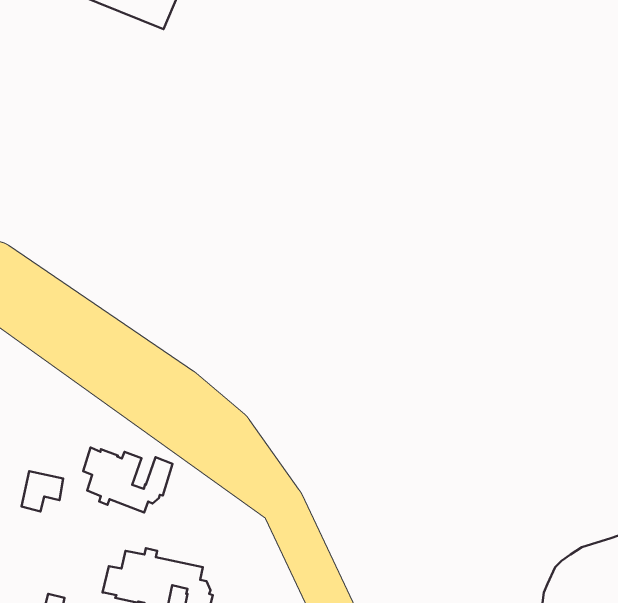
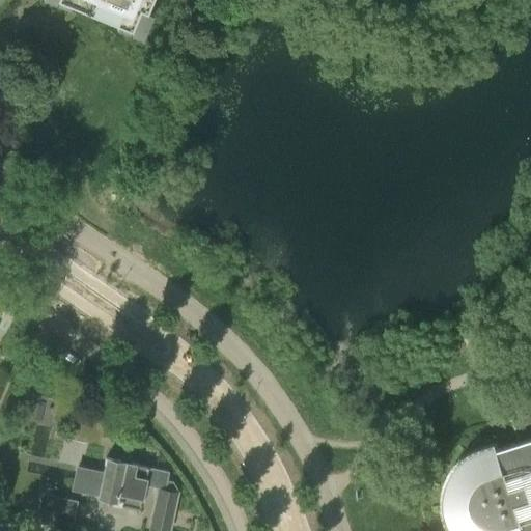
building: [83,447,173,513] -> none

